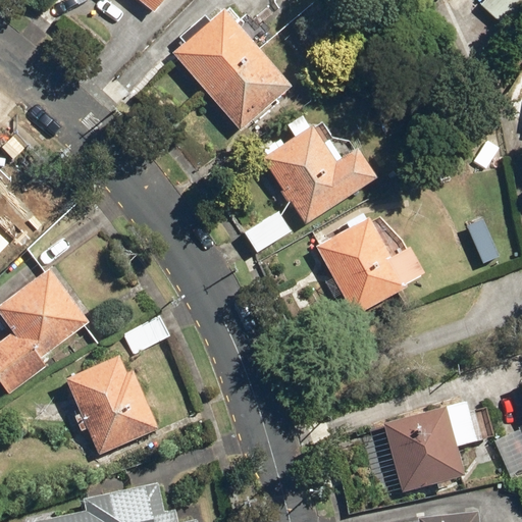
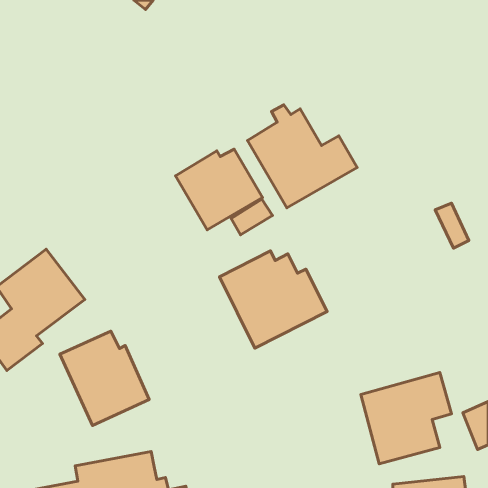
building: [170,8,291,130] -> none
building: none -> [175,149,263,230]
building: [314,213,428,316] -> [219,251,327,348]

